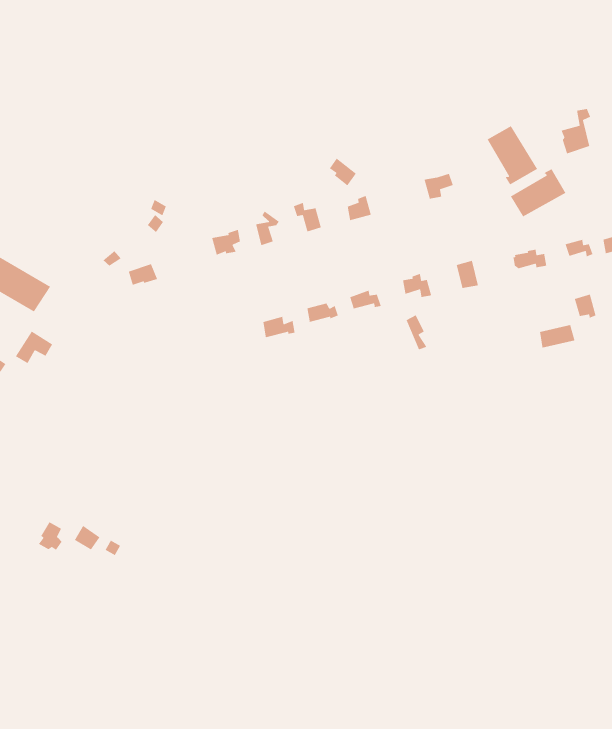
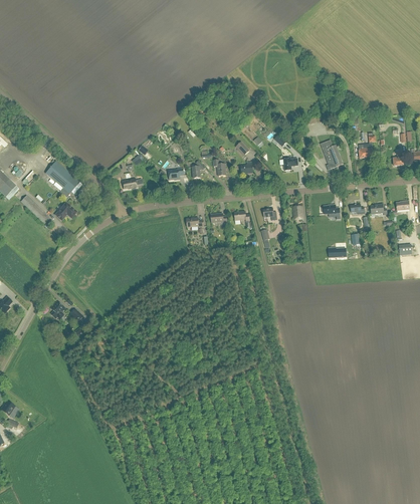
building: [510,168,566,217] -> none

